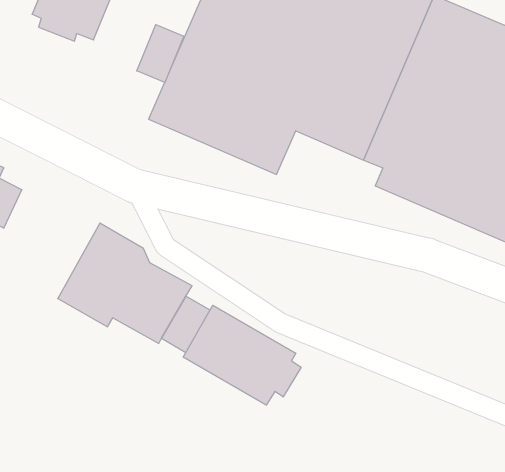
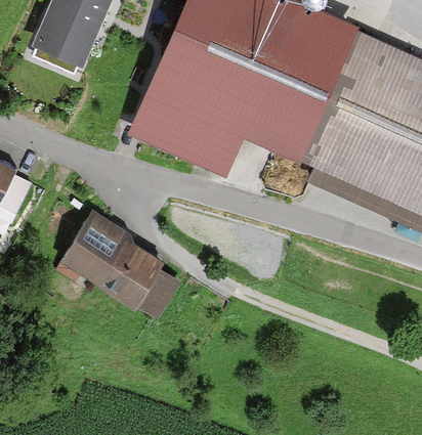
building: [137,25,184,82] -> none
building: [183,305,301,405] -> none

